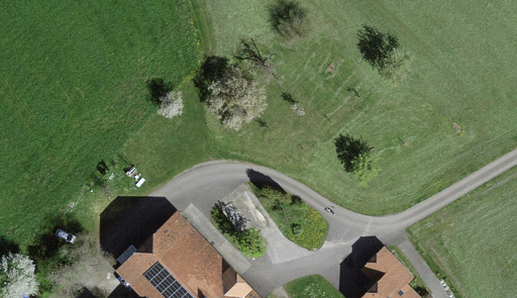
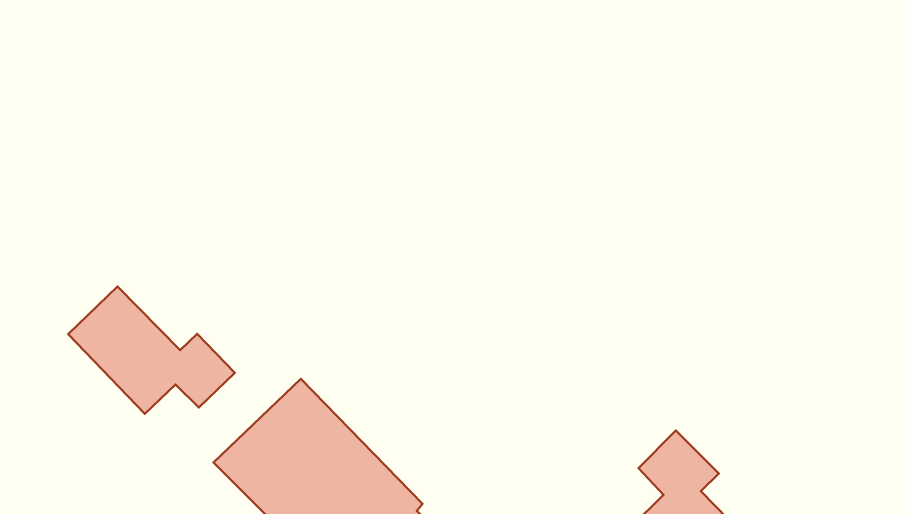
building: none -> [68,287,235,414]

